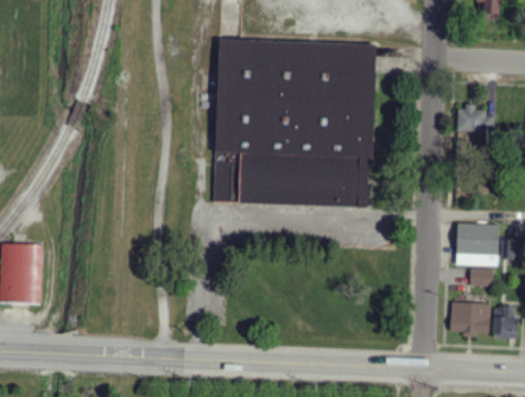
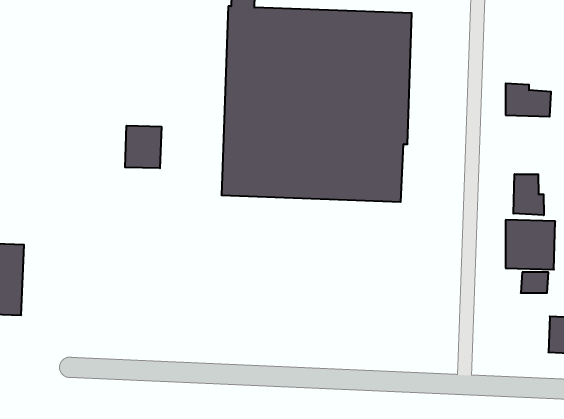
building: none -> [125,126,161,168]
building: none -> [513,174,544,215]
building: [450,302,491,336] -> none

